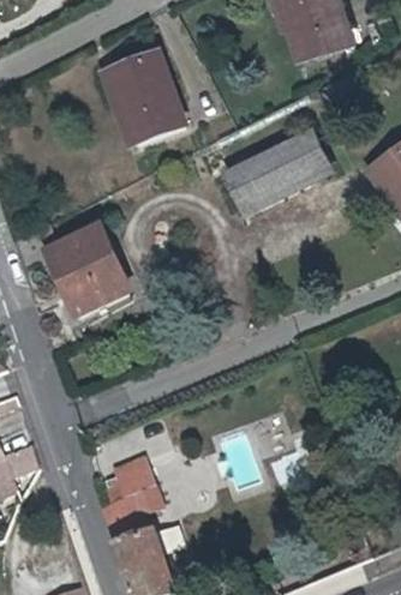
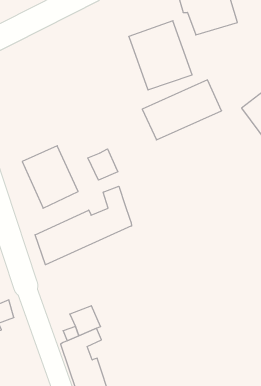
building: [97,50,188,150] -> [129,21,192,90]
building: none -> [88,149,118,180]
building: none -> [35,186,132,265]

